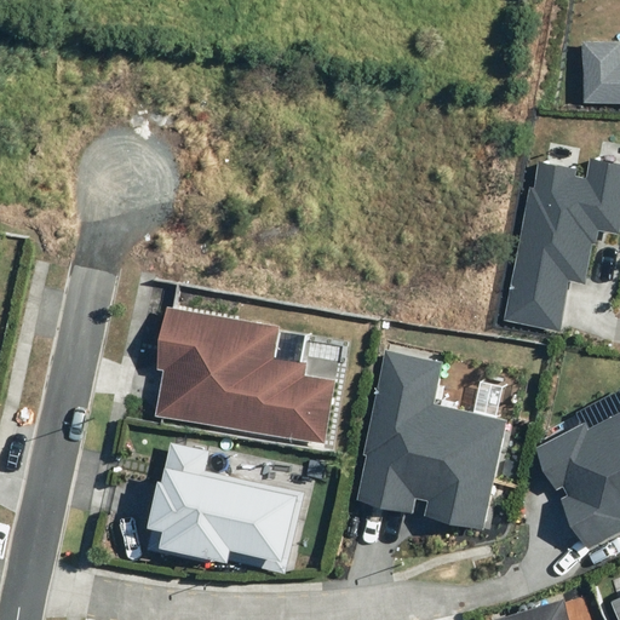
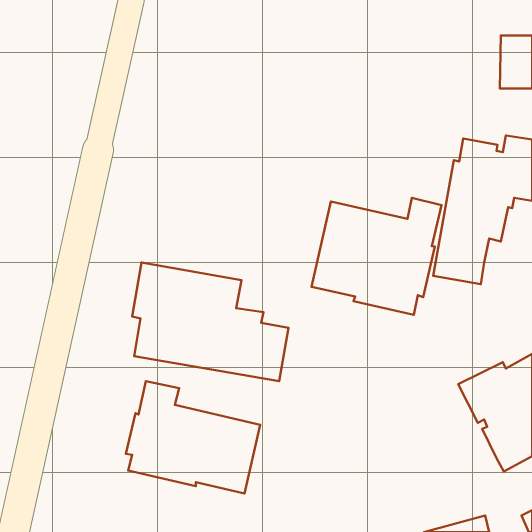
building: none -> [311,198,441,315]
building: [356,352,504,528] -> none

